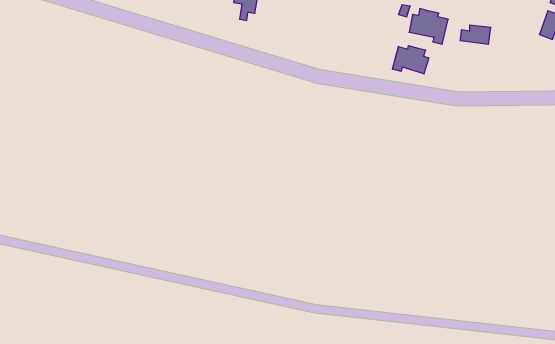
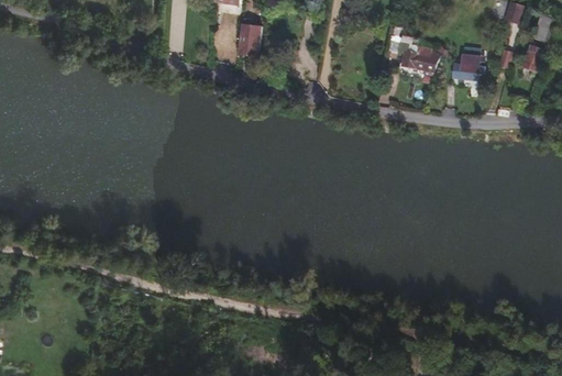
building: [392,46,429,74] -> none

